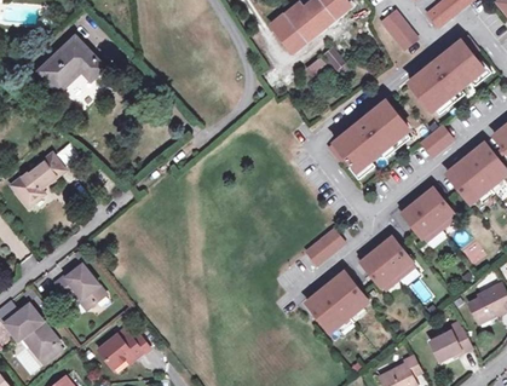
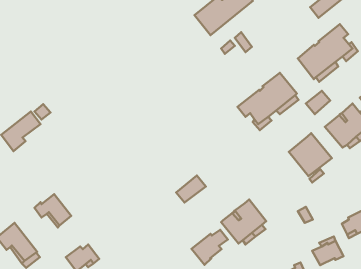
building: [380,8,417,48] -> none
building: [38,36,103,91] -> none
building: [305,227,345,264] -> [176,176,206,203]
building: [356,231,414,288] -> none
building: none -> [192,230,228,265]

